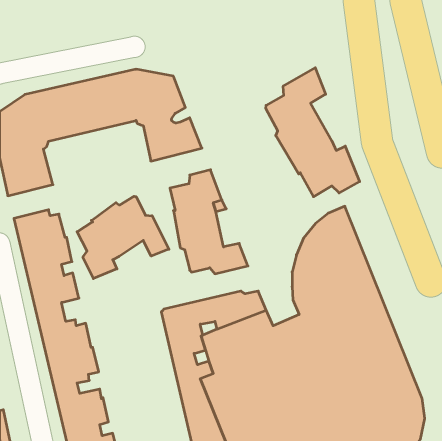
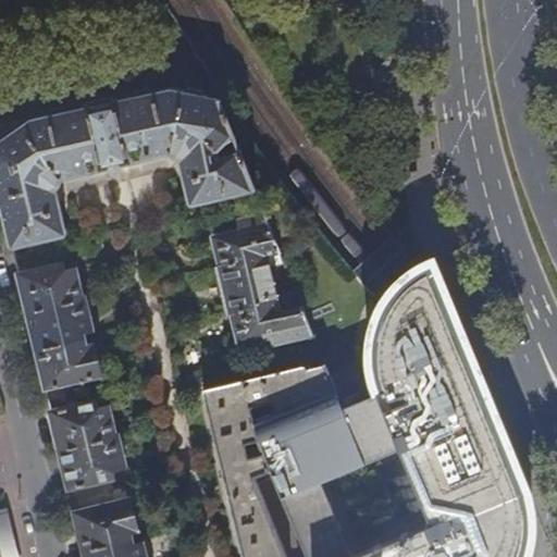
building: [266,68,360,197] -> none
building: [77,196,169,279] -> none

